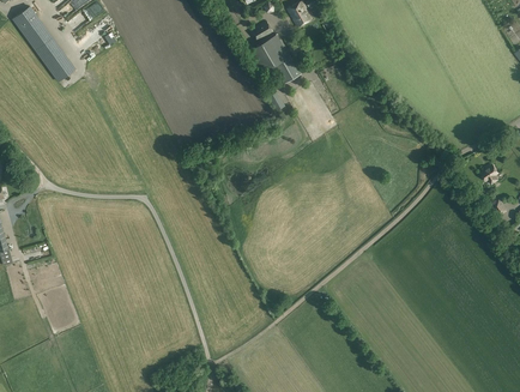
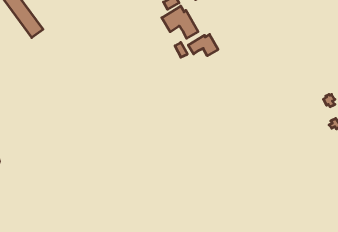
building: none -> [188,34,218,56]

